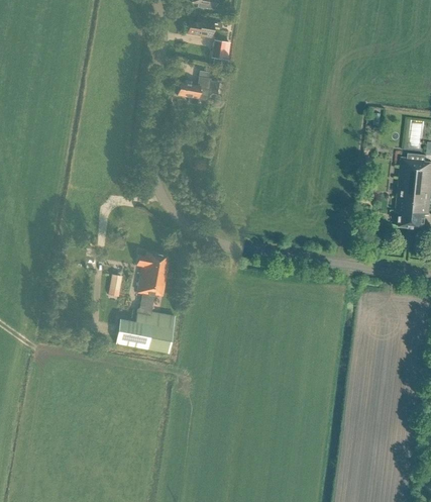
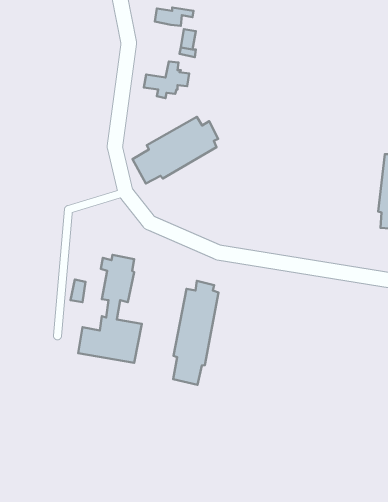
building: none -> [133,117,218,184]
building: none -> [173,281,219,385]

